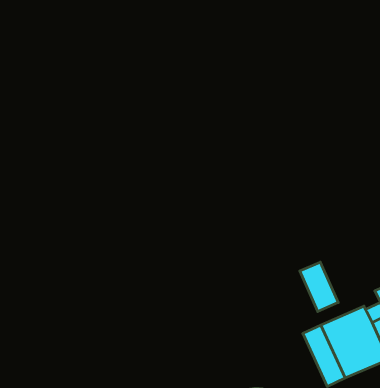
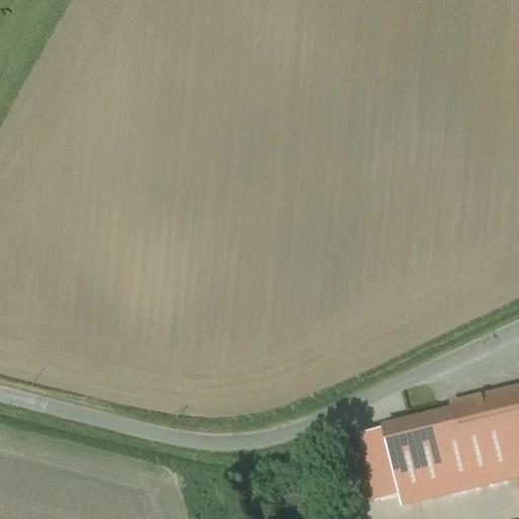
building: [300,262,338,312] -> none

